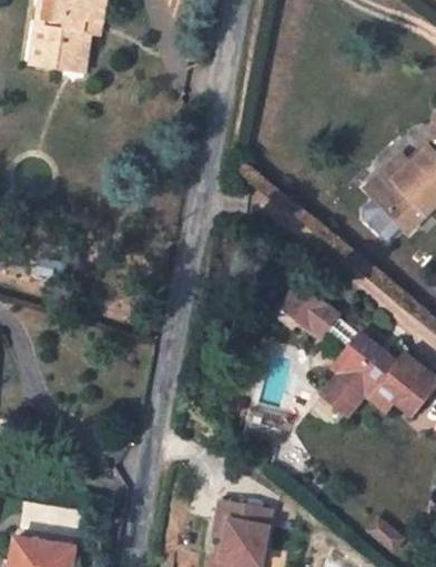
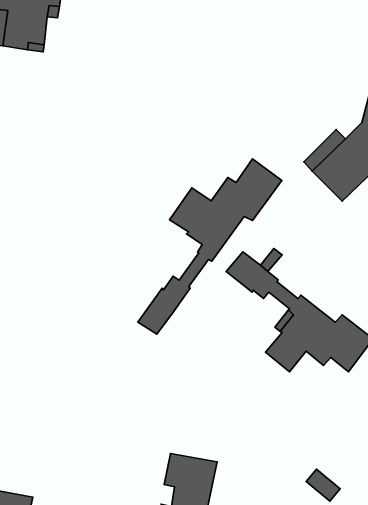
building: none -> [138,159,282,334]

